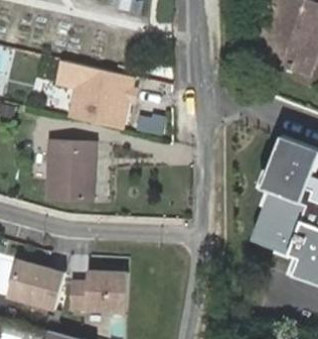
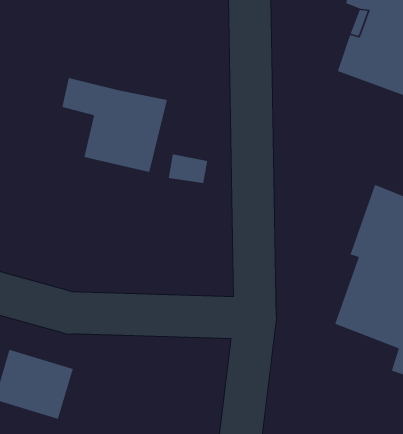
building: [47,144,93,201] -> none
building: [68,271,127,312] -> none

